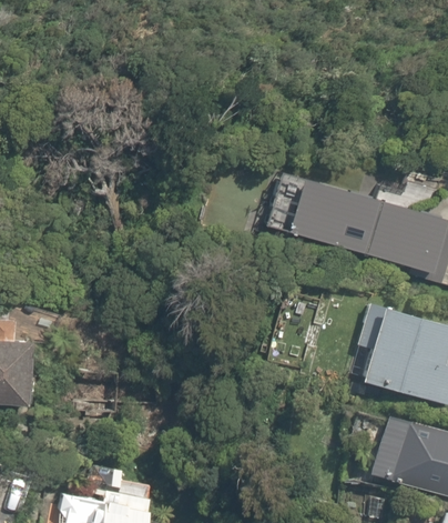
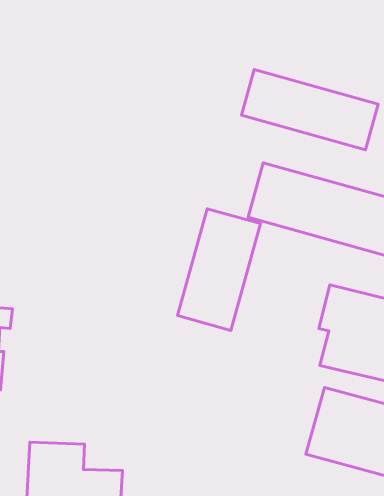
building: none -> [242,69,378,150]
building: none -> [177,209,261,331]

